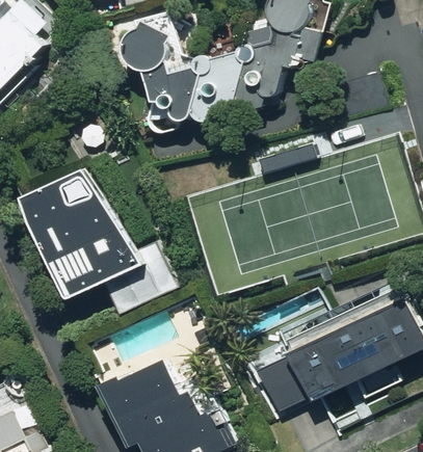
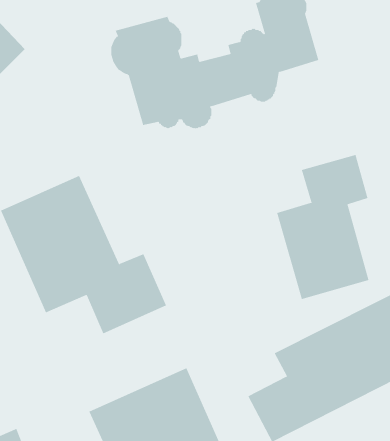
building: none -> [276,154,369,300]

